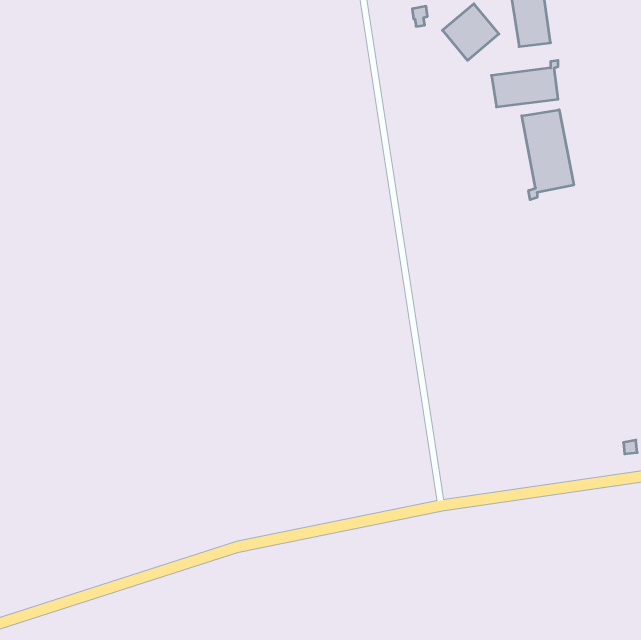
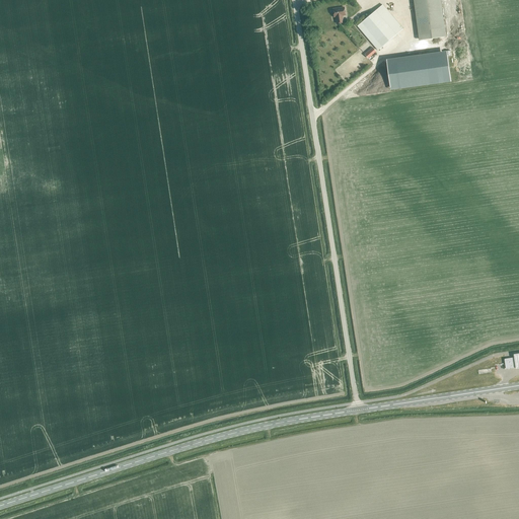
building: [522,110,574,200] -> none

